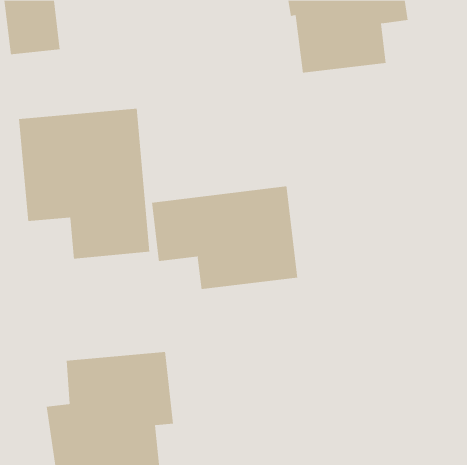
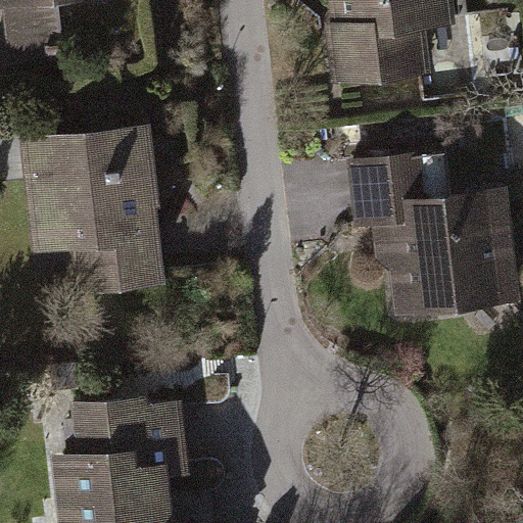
building: none -> [347,152,516,317]
building: [152,186,298,290] -> none

